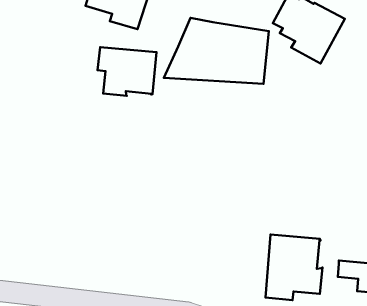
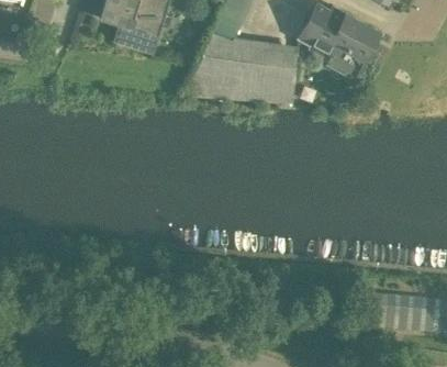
building: [98,47,157,96] -> none
building: [265,234,323,300] -> none

